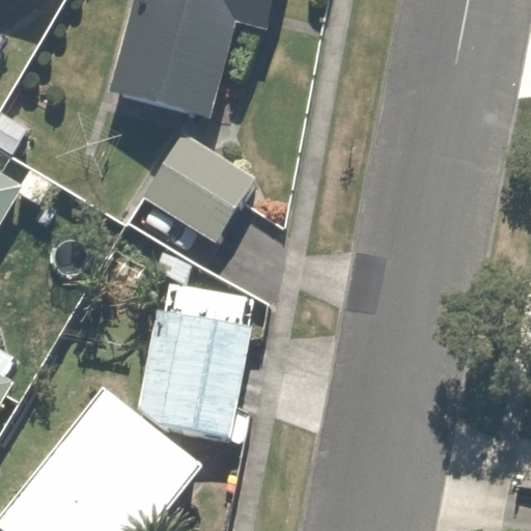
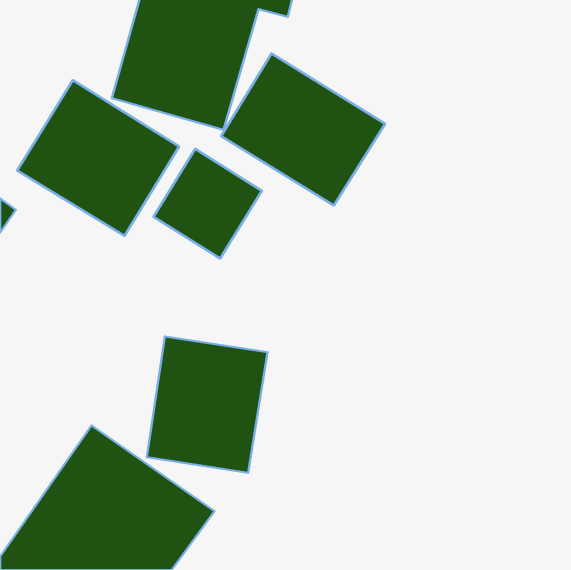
building: none -> [221,53,385,206]
building: none -> [17,80,179,236]

